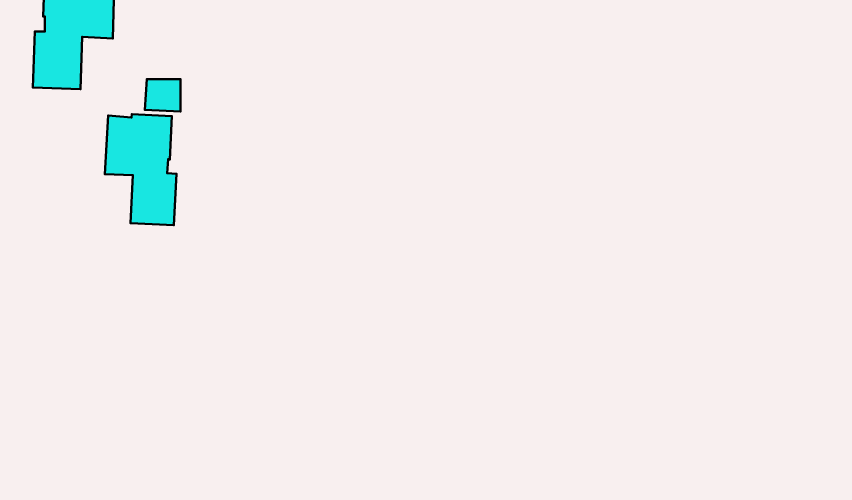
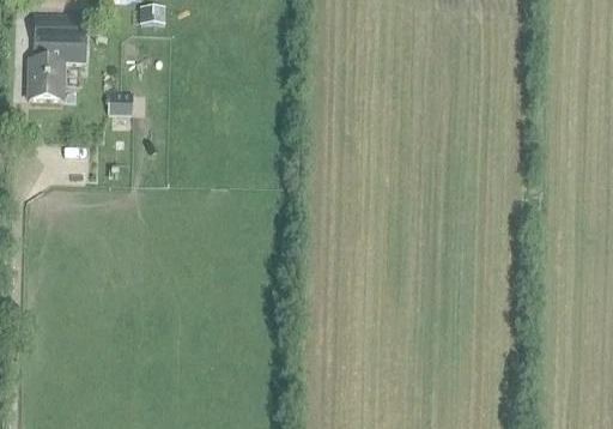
building: [105,114,176,225] -> none

